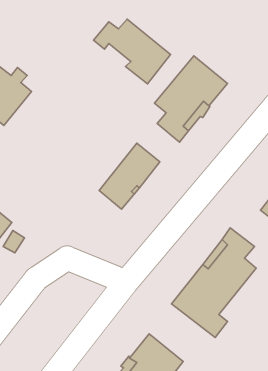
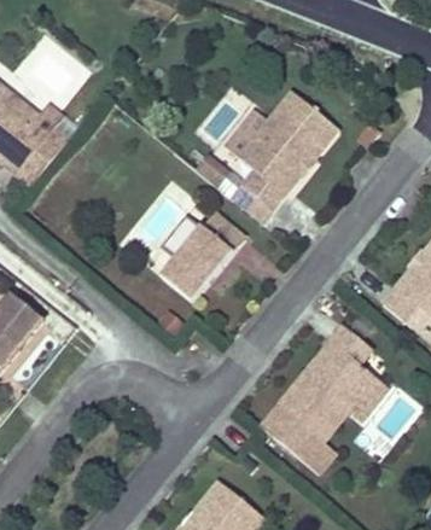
building: [93,19,170,84] -> none

